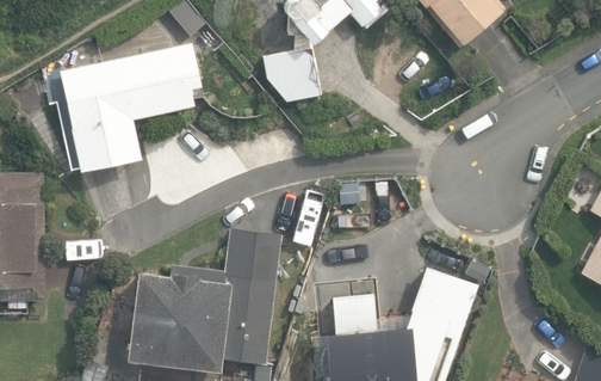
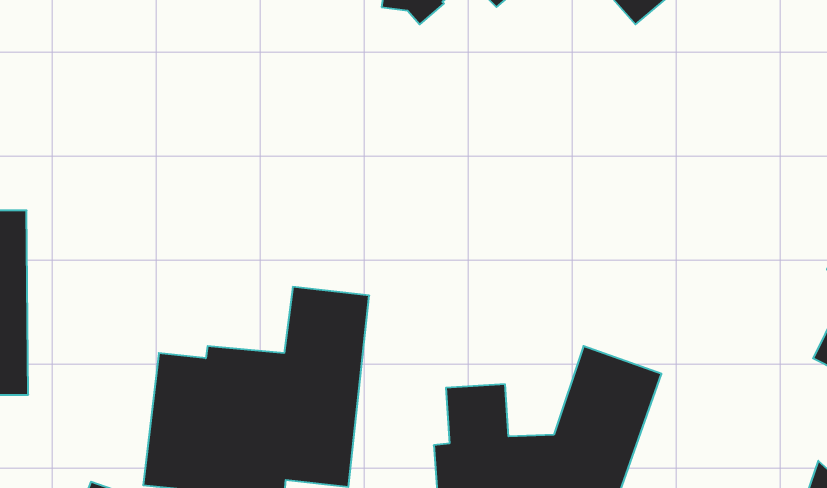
building: [60,42,202,170] -> none
building: [264,48,322,102] -> none

